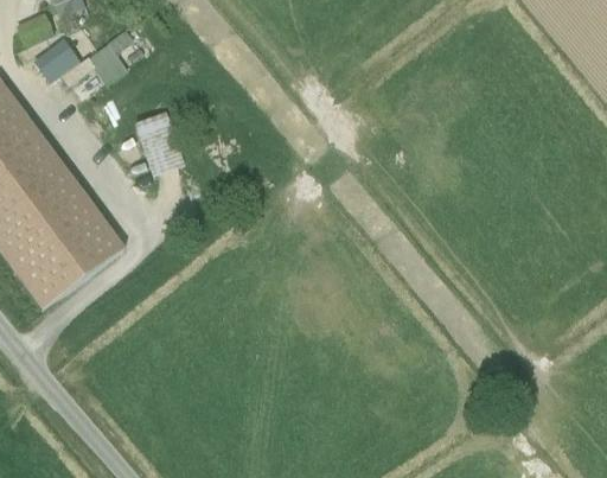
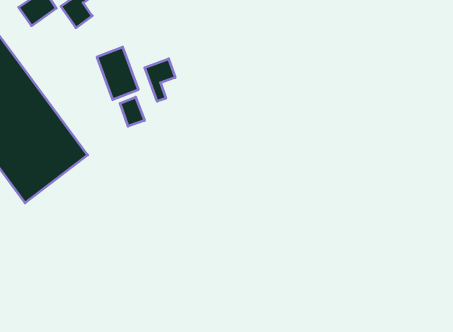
building: none -> [145,59,175,101]
building: none -> [120,97,144,126]

